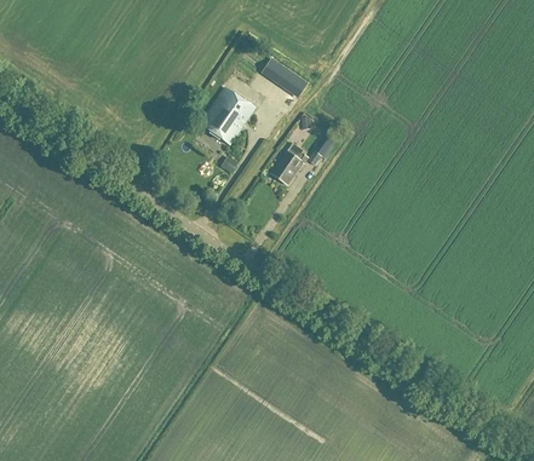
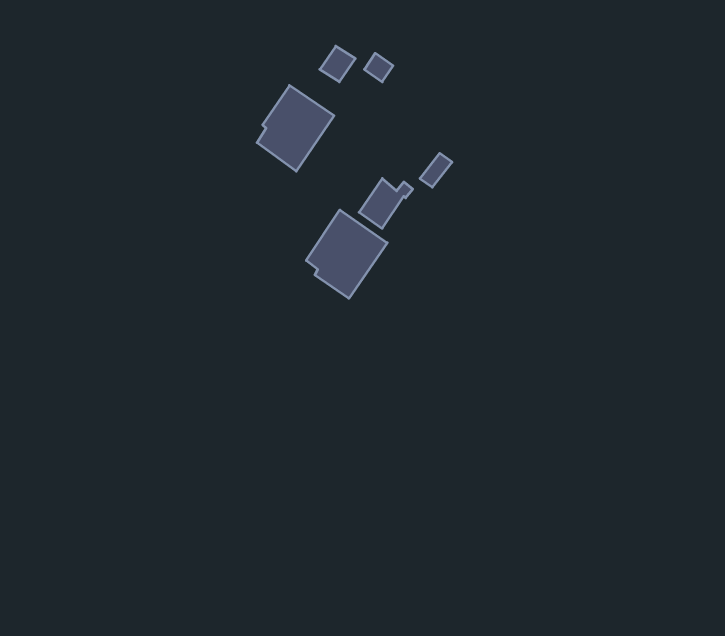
building: none -> [306,210,387,298]

